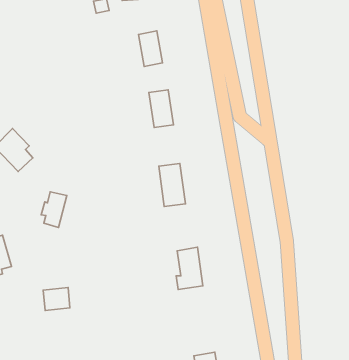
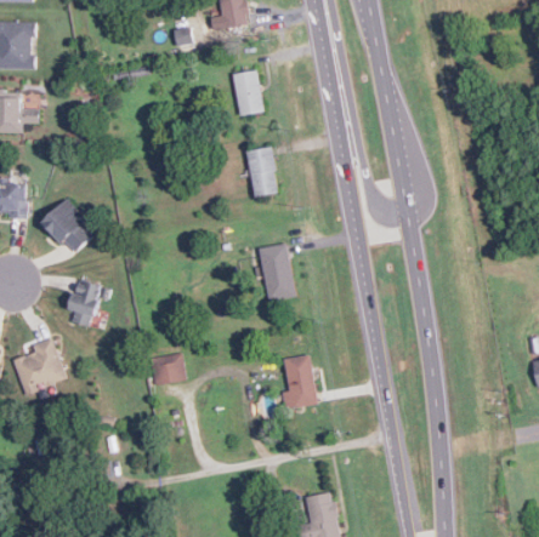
building: [41,192,67,228] -> [67,280,101,327]
building: [43,288,70,311] -> [149,354,185,384]

